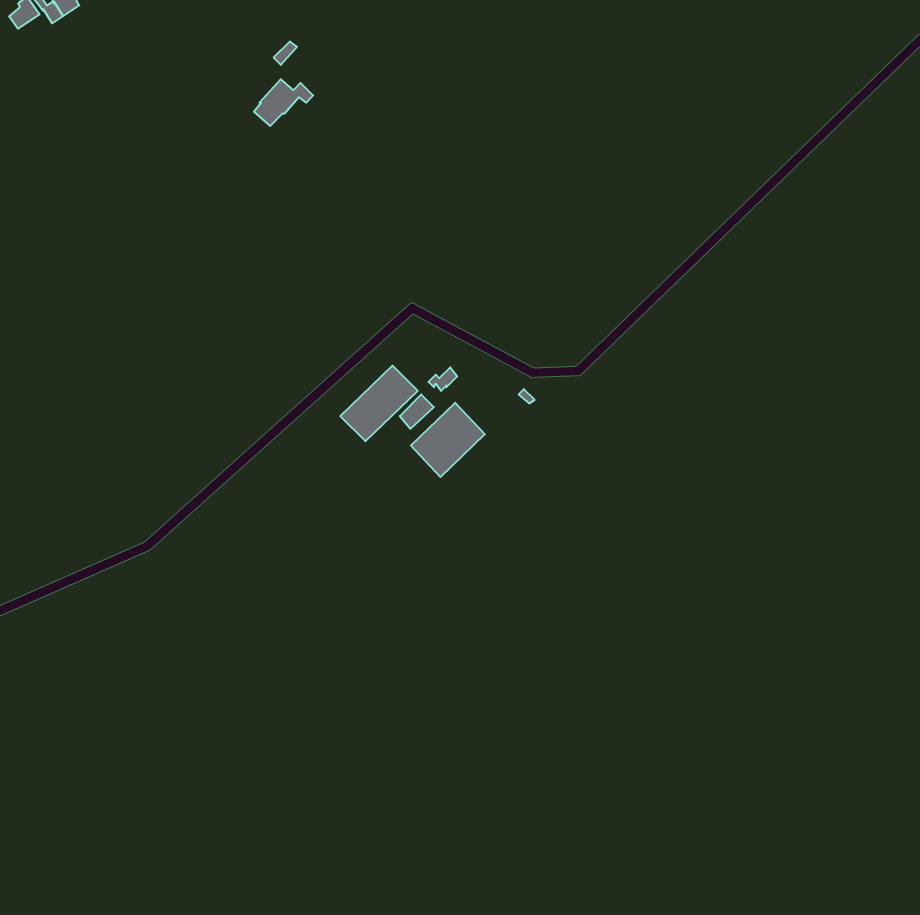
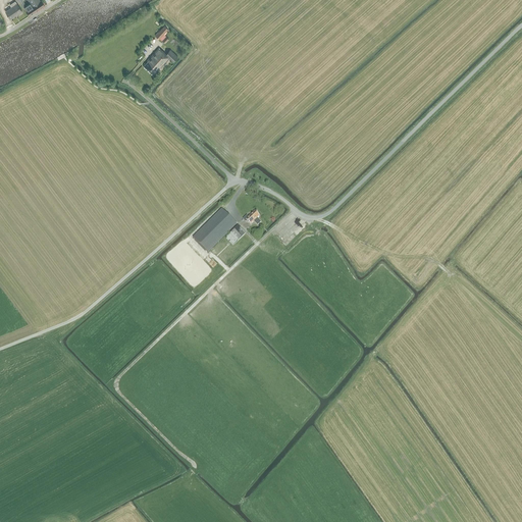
building: [411,403,485,477] -> none

